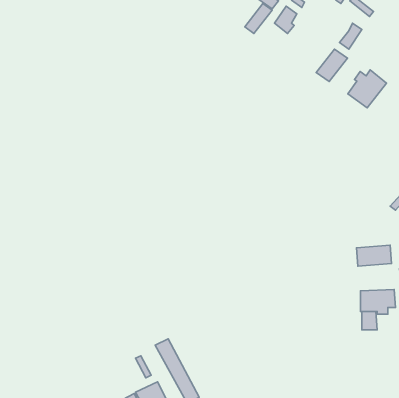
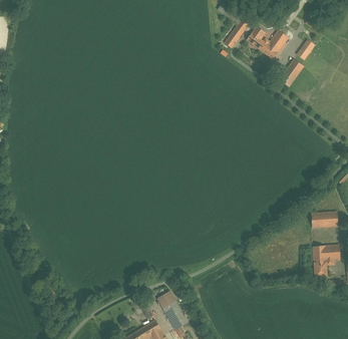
building: none -> [258,32,288,60]
building: [348,70,386,108] -> none

